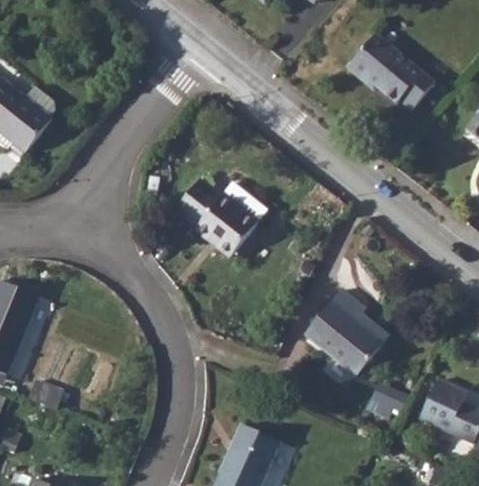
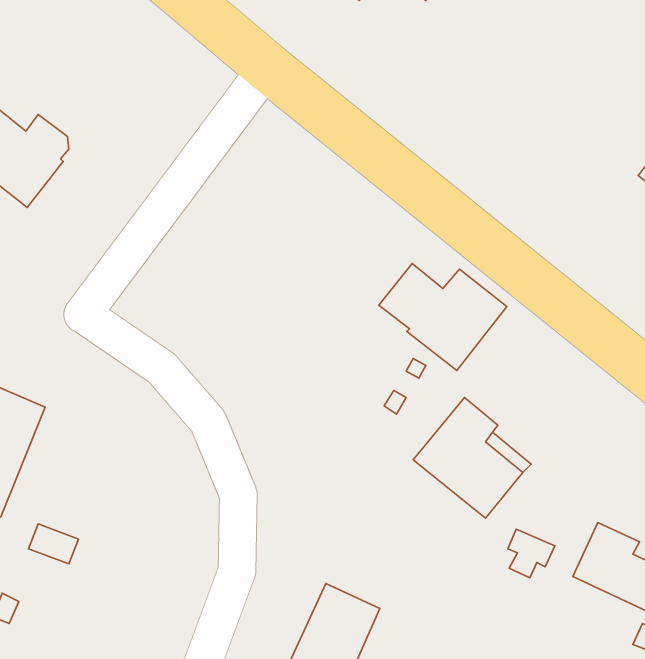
building: [347,33,434,110] -> none
building: [175,179,267,256] -> [379,264,507,370]

